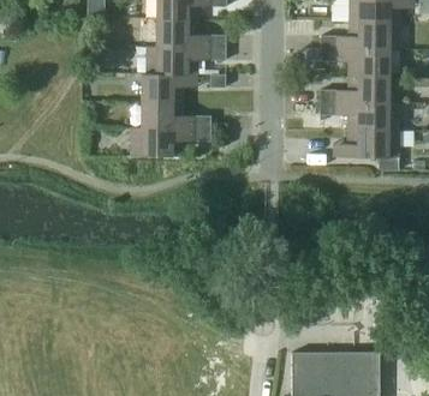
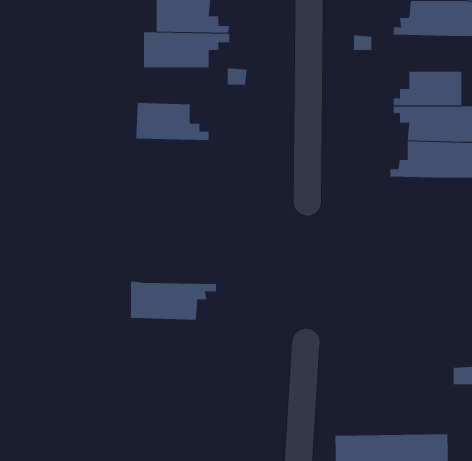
building: [336,48,389,76] -> none
building: [142,73,197,101] -> none
building: [131,126,197,156] -> [130,281,217,320]

